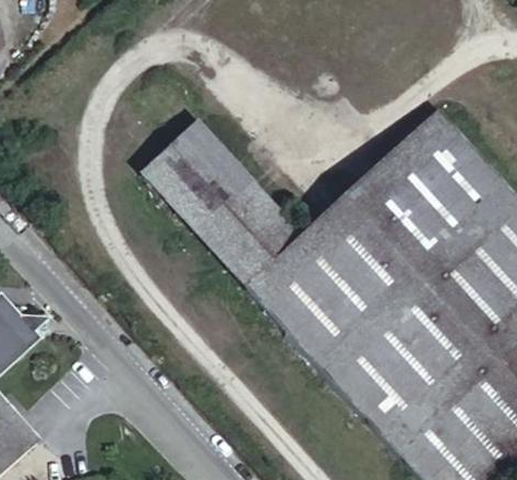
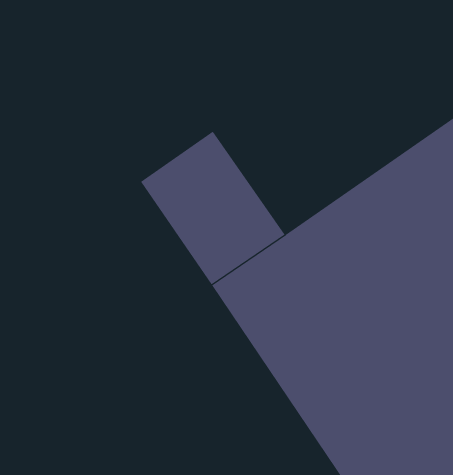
building: [143,124,229,208] -> none

